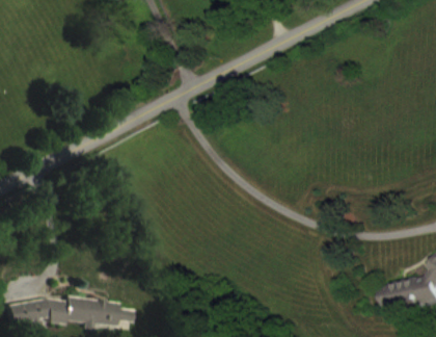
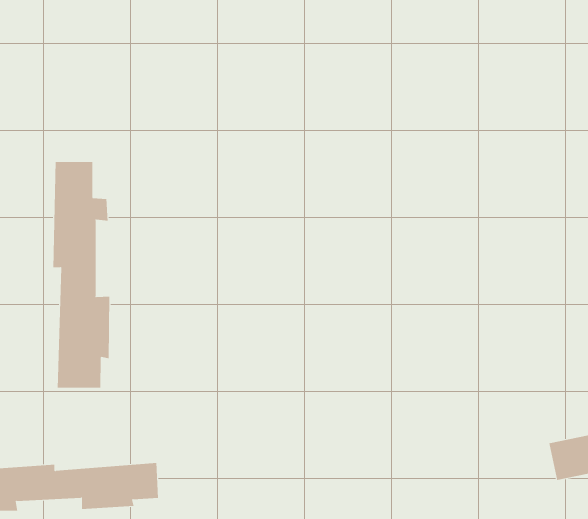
building: none -> [53,161,110,388]

